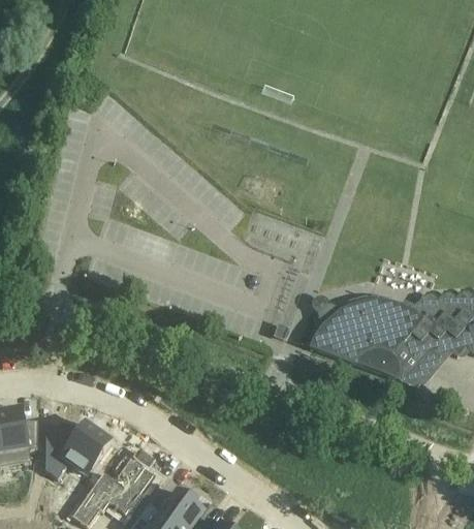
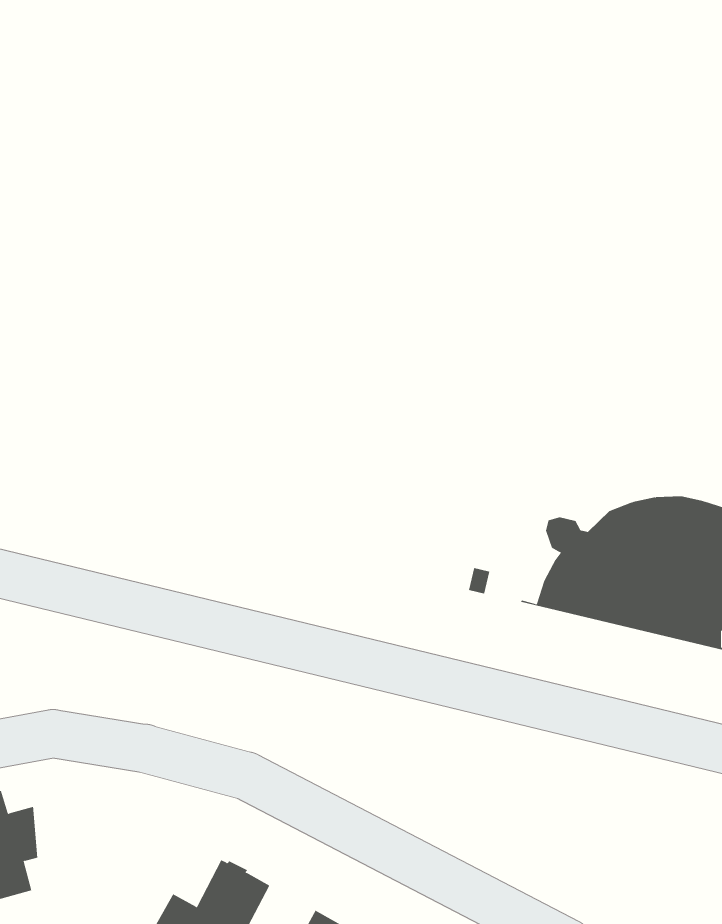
building: [45,422,112,477] -> none

